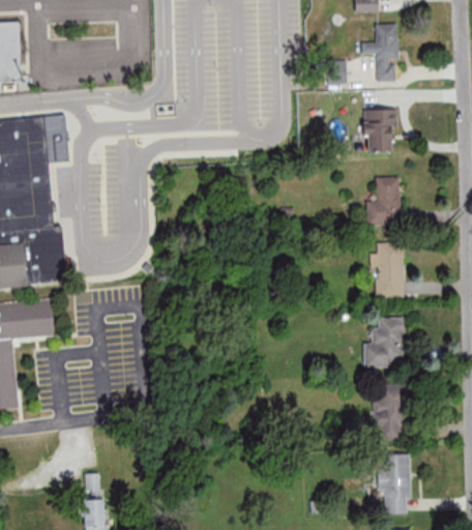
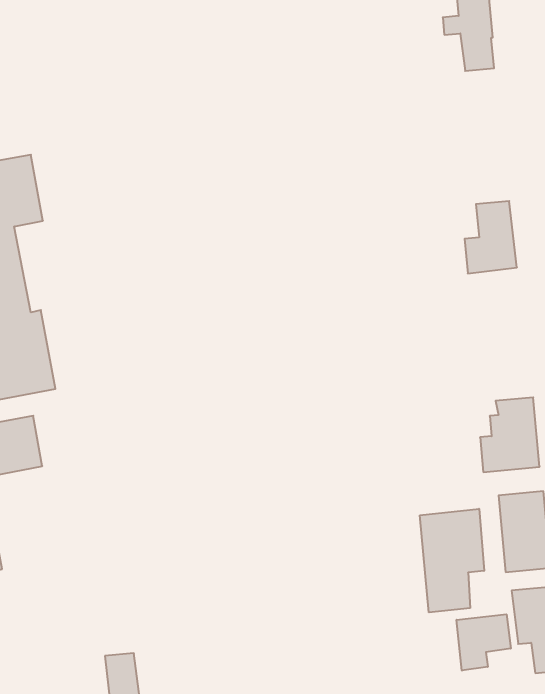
building: [362,108,396,152] -> none
building: [373,242,405,297] -> none
building: none -> [420,509,484,612]
building: none -> [457,614,511,671]

